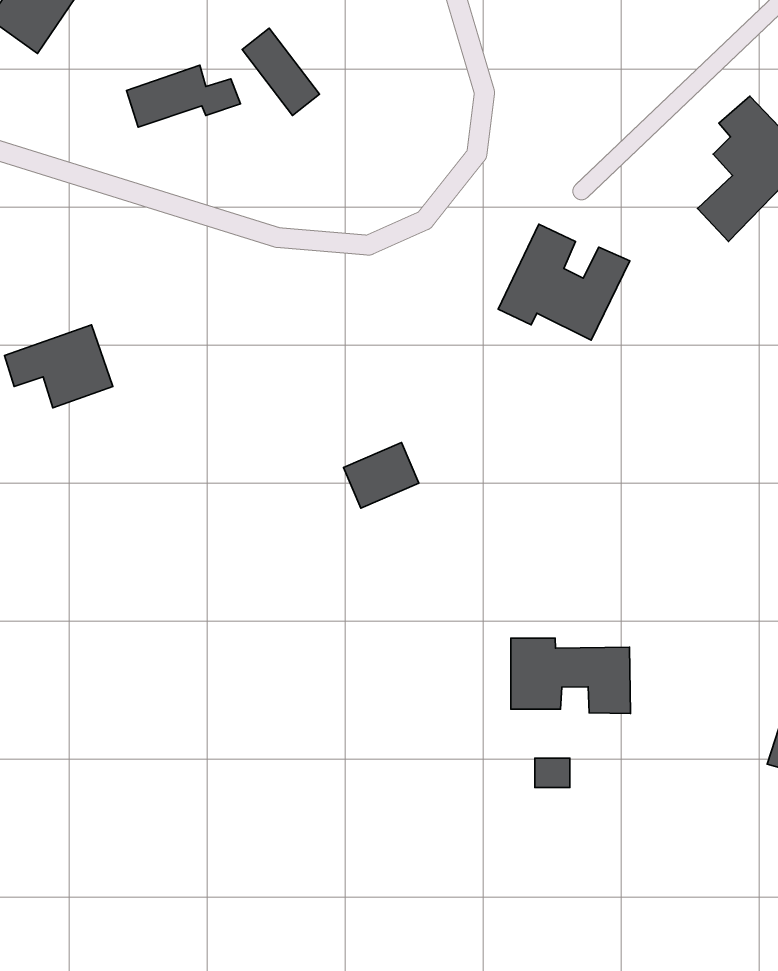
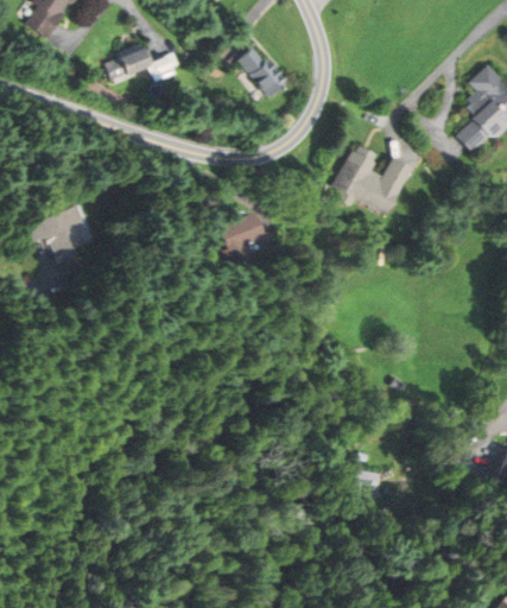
building: [242,28,320,115] -> [237,45,285,99]
building: [343,442,419,508] -> [226,210,272,251]
building: [511,638,630,714] -> none

